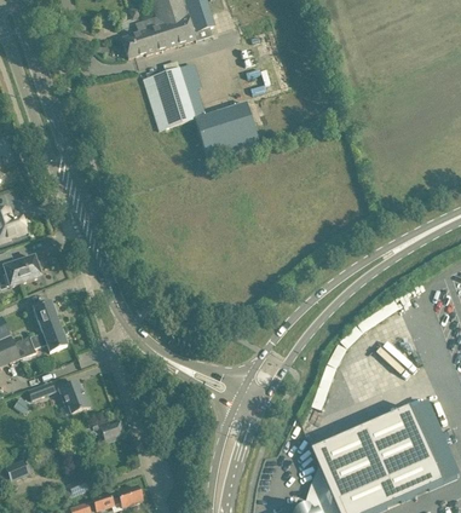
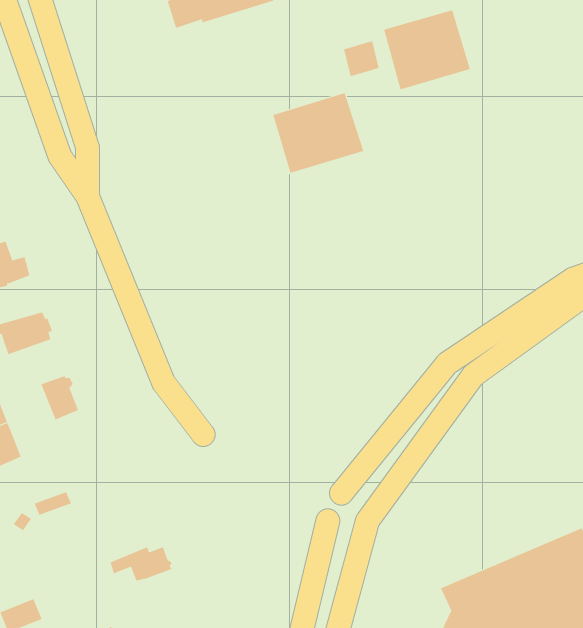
building: none -> [383,9,471,90]
building: [142,64,195,127] -> none
building: [13,323,68,356] -> none
building: [58,379,90,411] -> none

